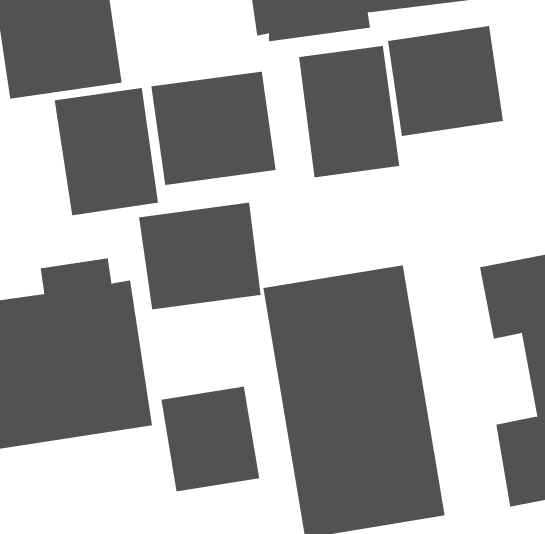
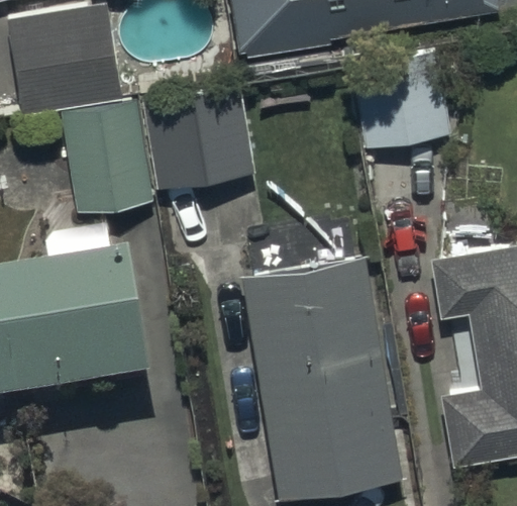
building: [299,45,400,178] -> none
building: [139,202,261,310] -> none
building: [161,386,260,492] -> none

